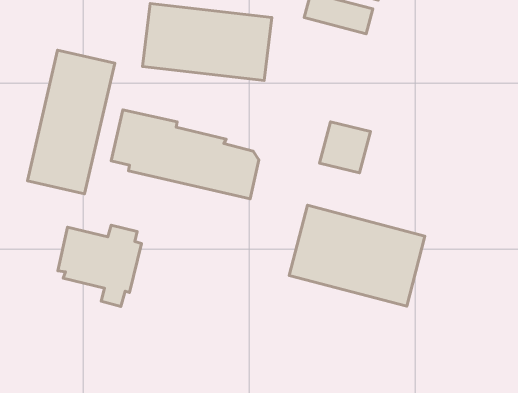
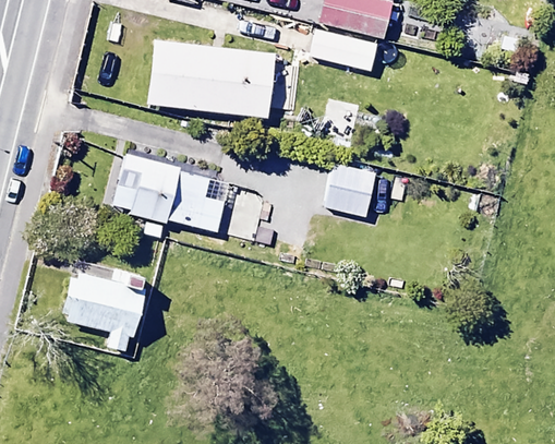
building: [27,50,115,194] -> none
building: [289,205,425,306] -> none

